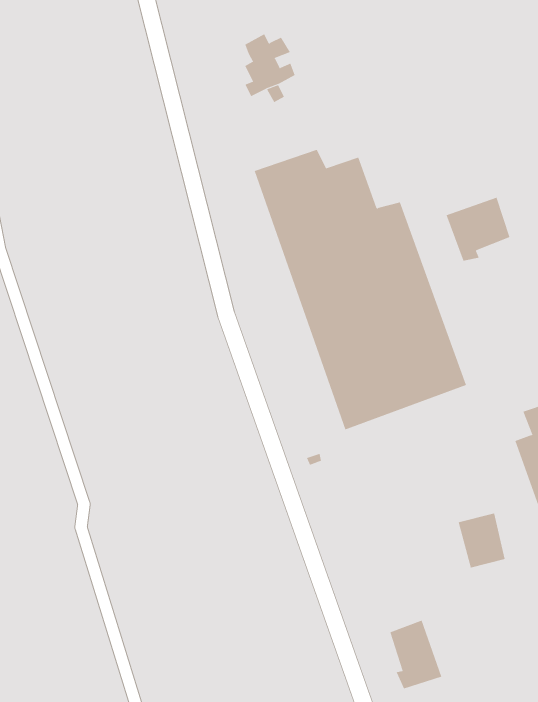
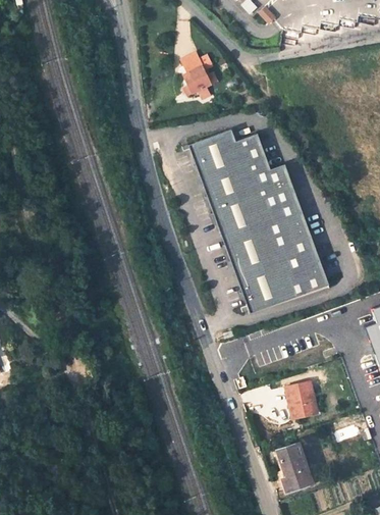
building: [446,197,510,262] -> none
building: [458,513,506,568] -> [286,378,318,415]

